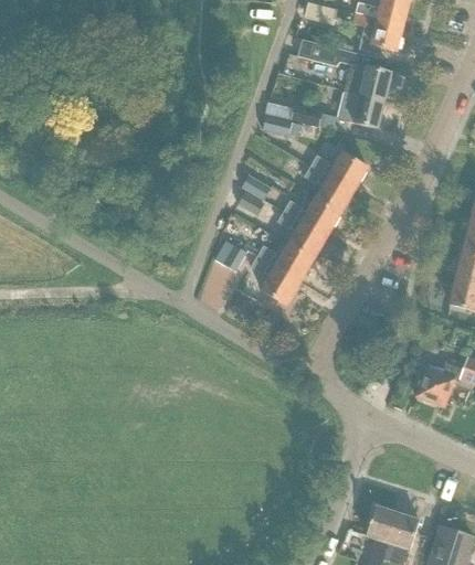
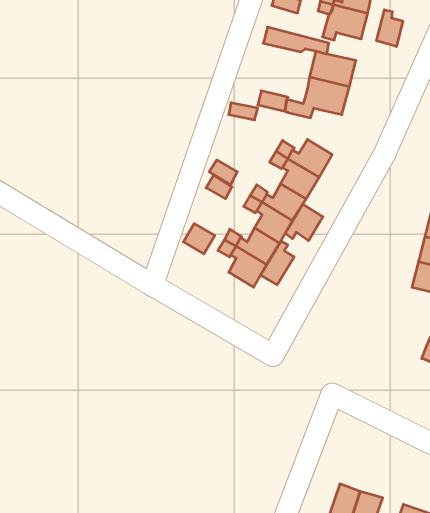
building: none -> [377,10,403,47]
building: none -> [285,204,323,241]
building: none -> [260,241,294,285]
building: [418,362,463,406] -> none

